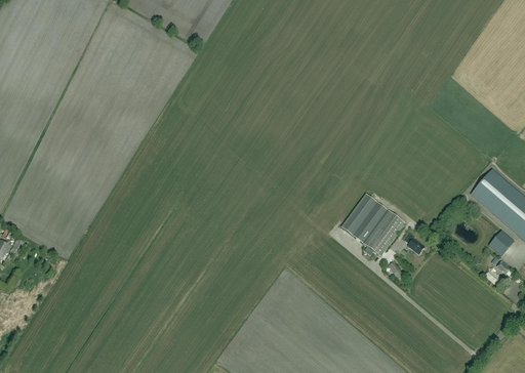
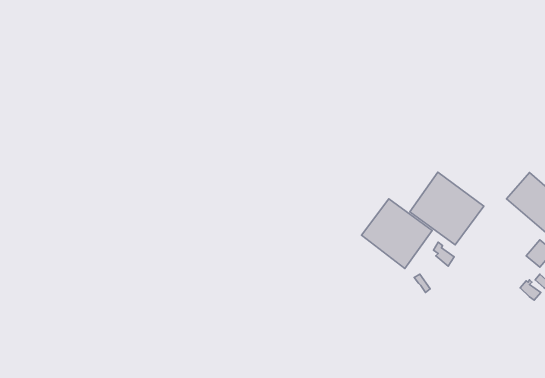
building: none -> [410,172,484,245]

